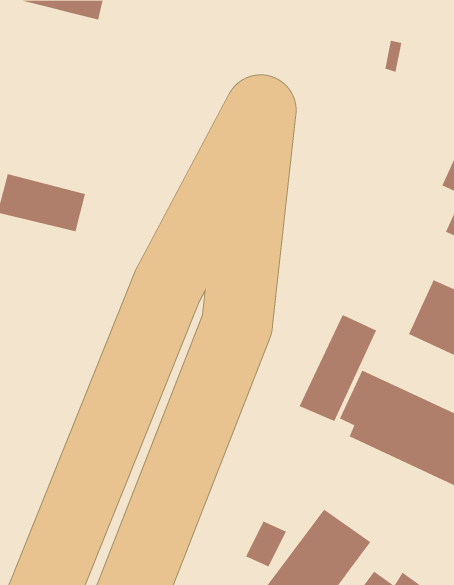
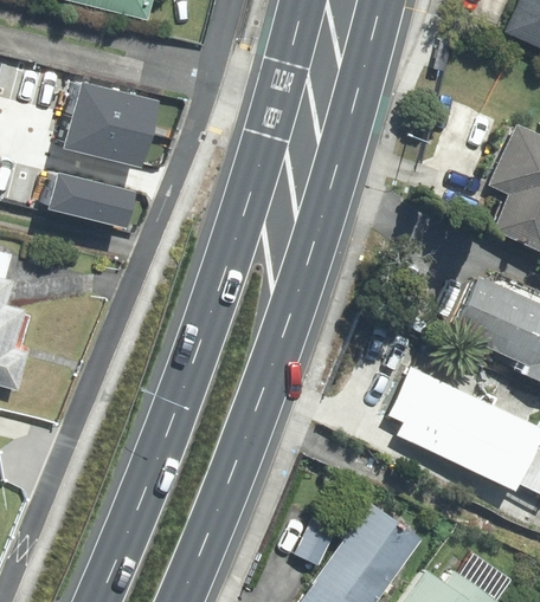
building: none -> [65,83,162,168]
building: [299,314,377,422] -> none

